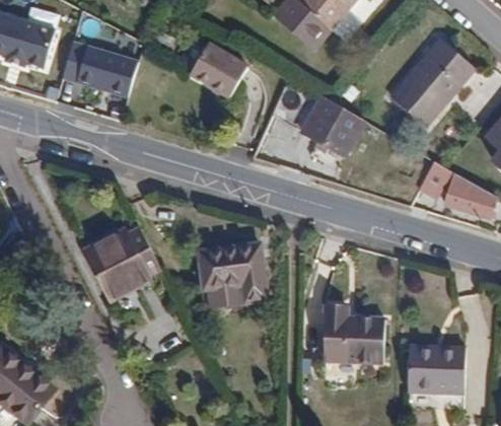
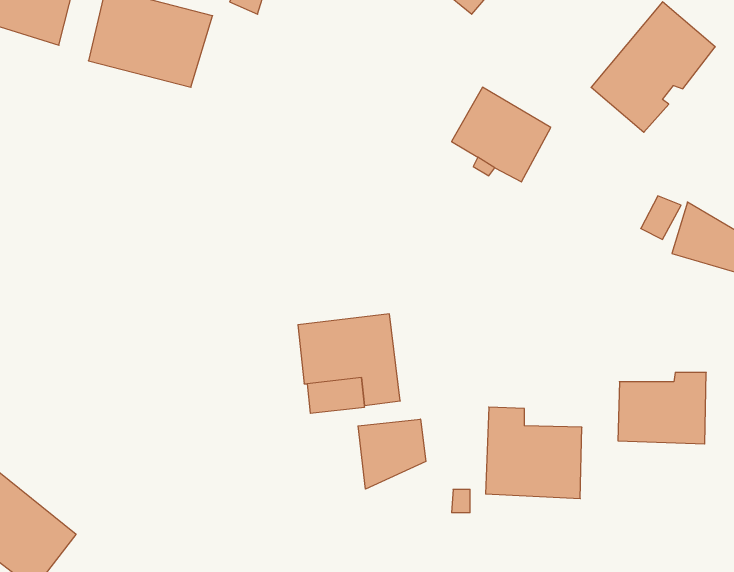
building: [191,43,249,97] -> none
building: [82,226,162,302] -> none
building: none -> [358,419,426,489]
building: [408,346,466,393] -> [618,372,706,444]

